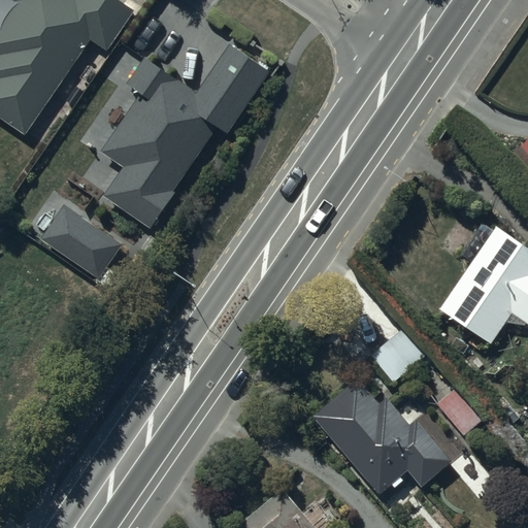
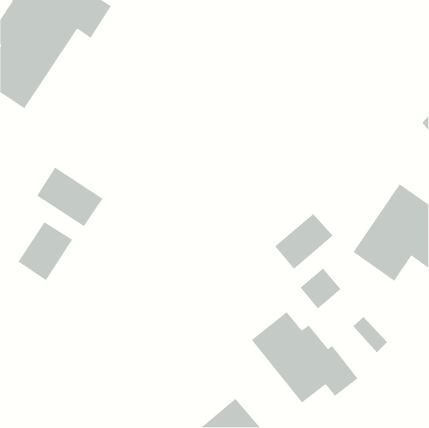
building: [104,46,272,226] -> none
building: none -> [274,213,333,270]
building: none -> [17,221,73,281]

